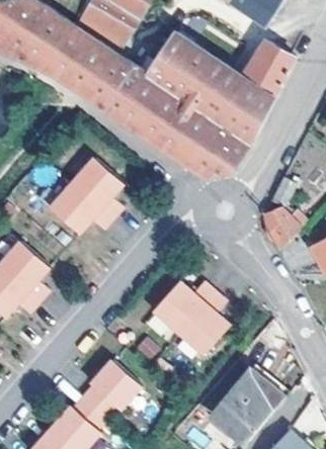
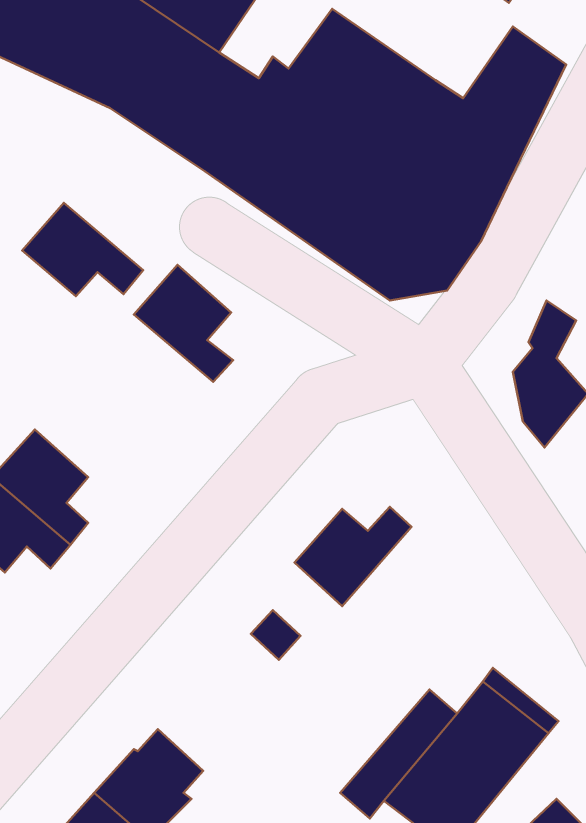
building: [52,184,113,232] -> [22,203,143,296]
building: [179,292,229,354] -> none
building: [85,360,142,417] -> none

